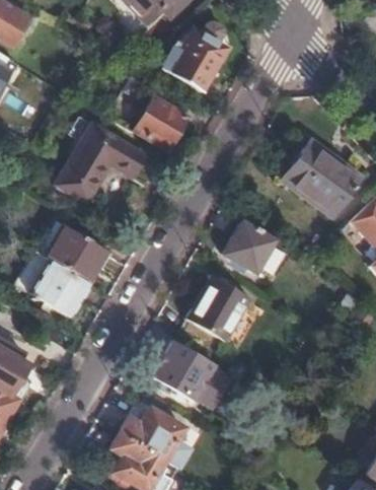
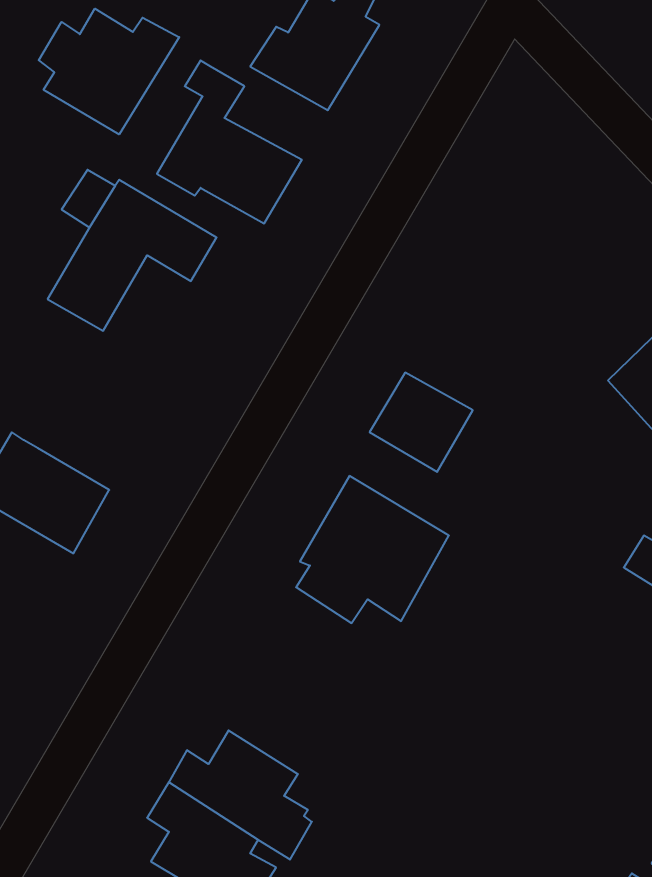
building: none -> [39,9,179,134]
building: [286,132,361,215] -> none
building: [47,226,108,283] -> none
building: [153,341,231,410] -> none

